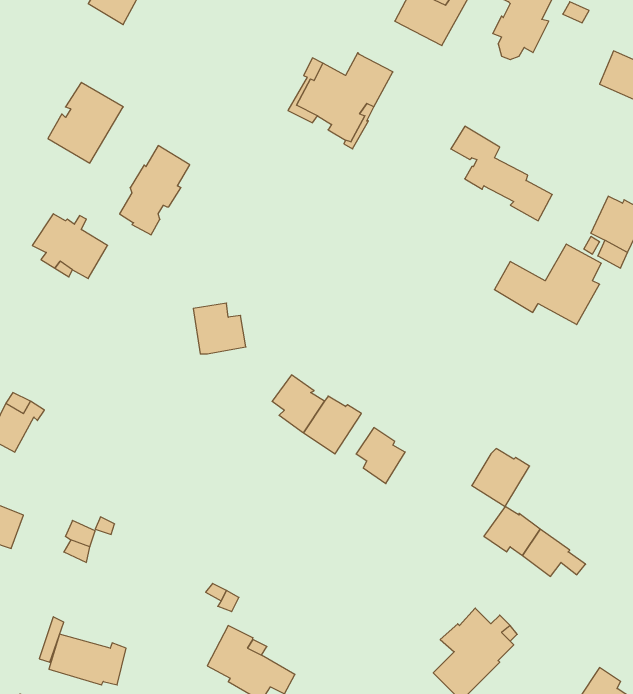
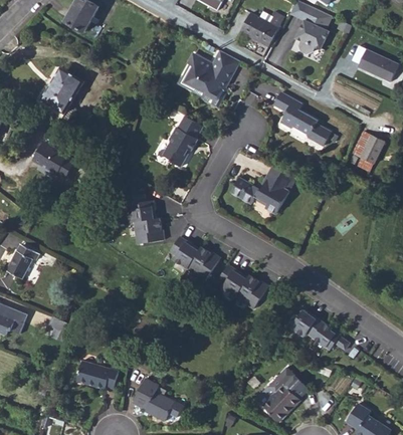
building: [120,146,190,235] -> [162,115,202,166]
building: [494,244,601,325] -> [229,169,290,215]
building: none -> [133,218,164,243]
building: [472,449,530,506] -> [235,275,268,308]
building: [49,634,126,685] -> [75,360,120,389]

